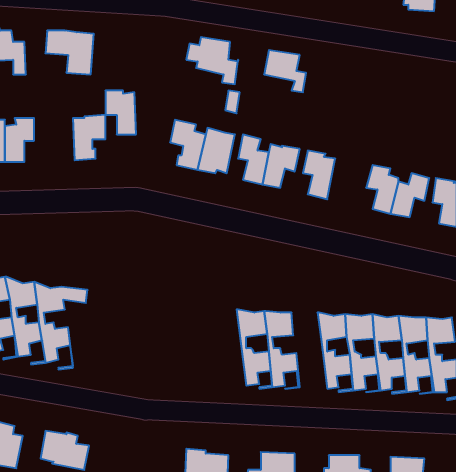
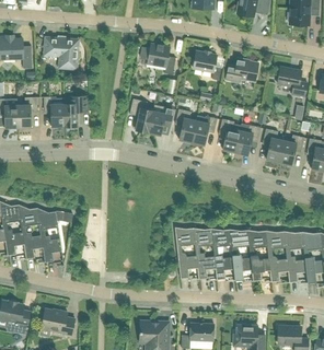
building: none -> [225,58,258,82]
building: none -> [277,67,308,96]
building: [105,91,136,134] -> [44,96,65,126]
building: none -> [235,122,261,154]
building: none -> [211,229,235,281]

